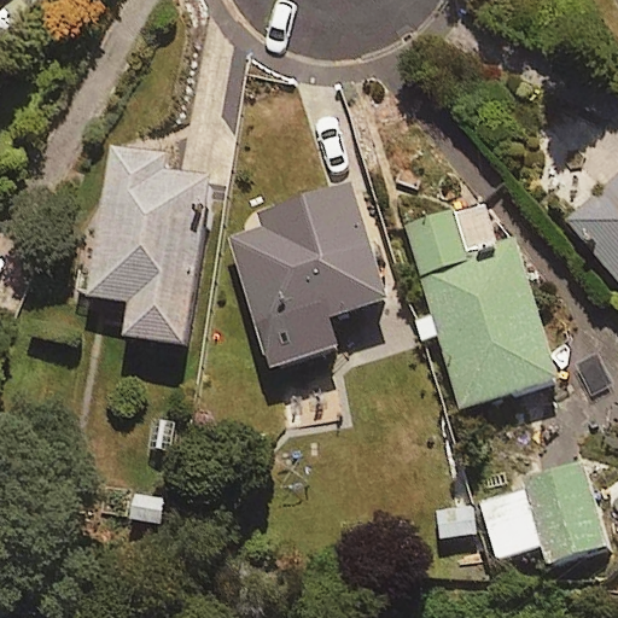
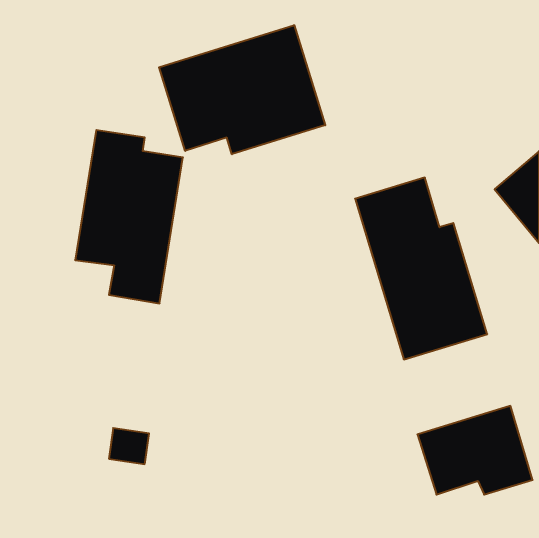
building: none -> [159,25,325,154]
building: [226,185,386,340] -> none

